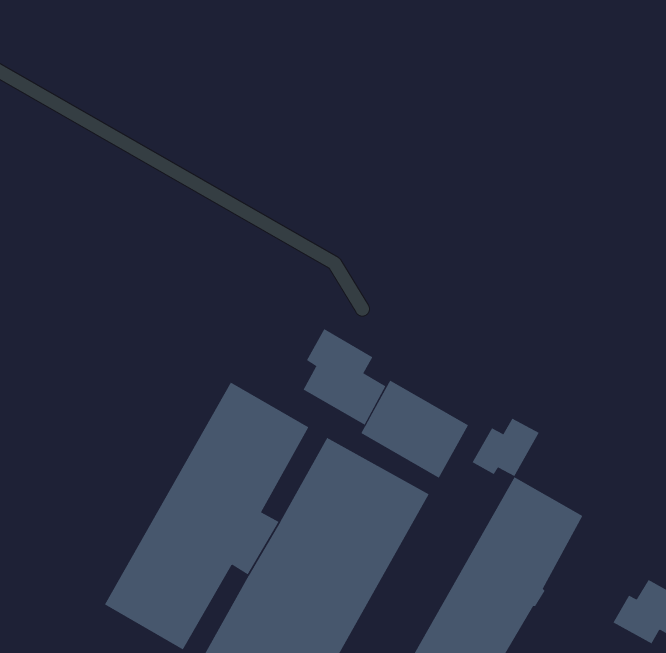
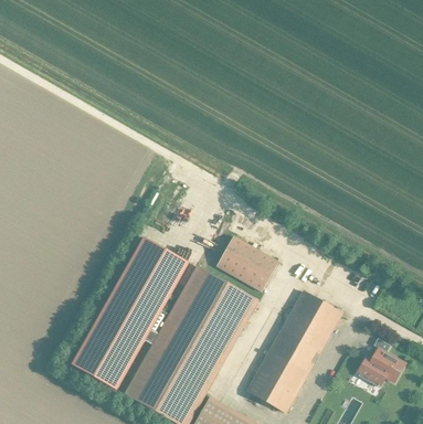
building: [303,328,386,425] -> none
building: [472,418,539,477] -> none

